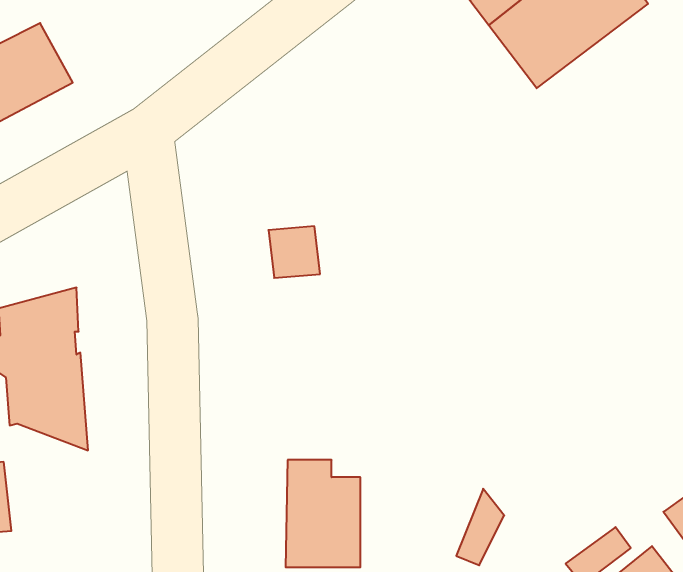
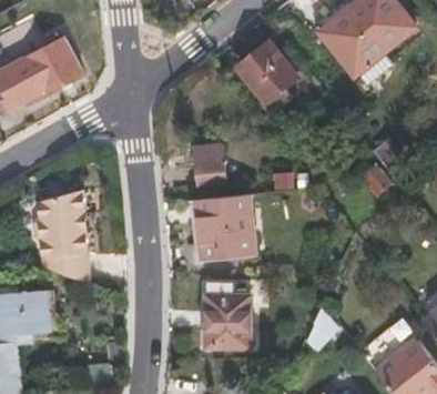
building: none -> [237,39,297,99]
building: none -> [199,195,256,260]

